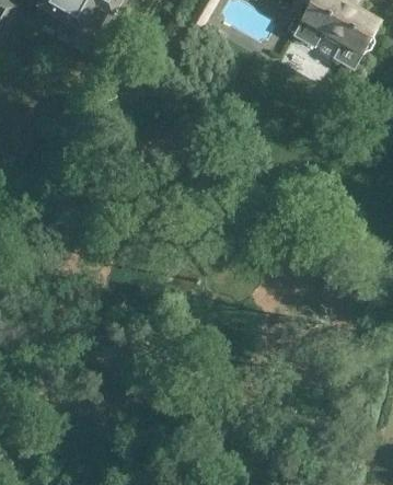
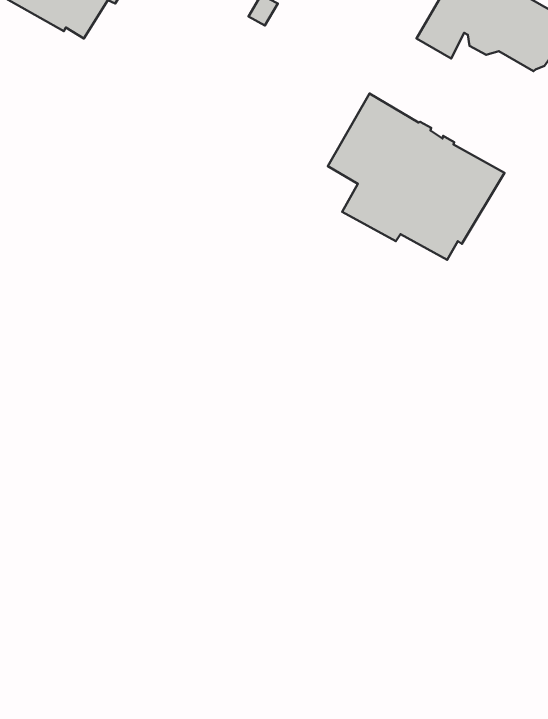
building: none -> [328,94,504,260]

